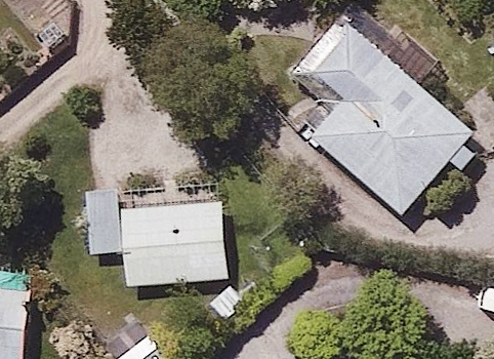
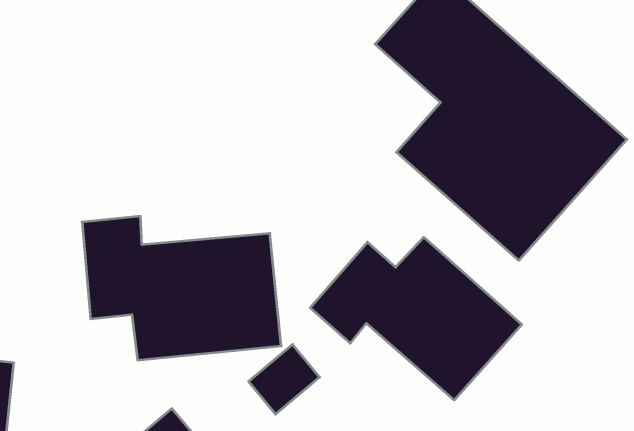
building: none -> [310,237,522,400]

